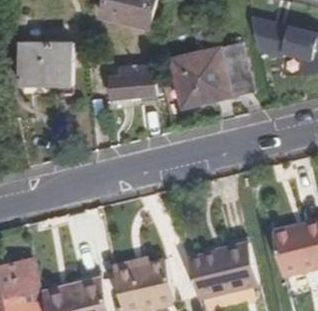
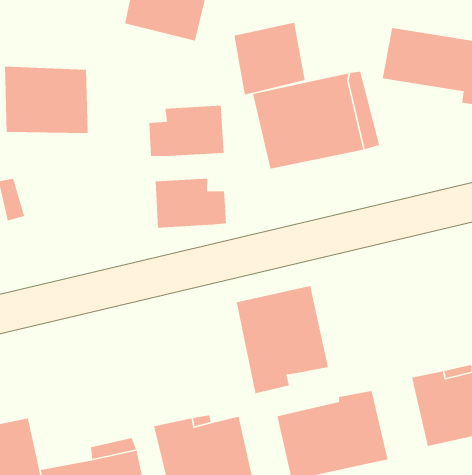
building: none -> [234,22,305,95]
building: none -> [155,178,227,229]
building: none -> [236,285,329,394]

